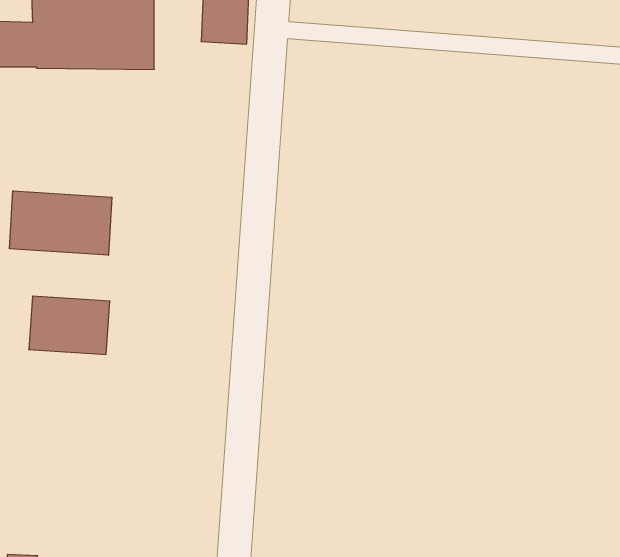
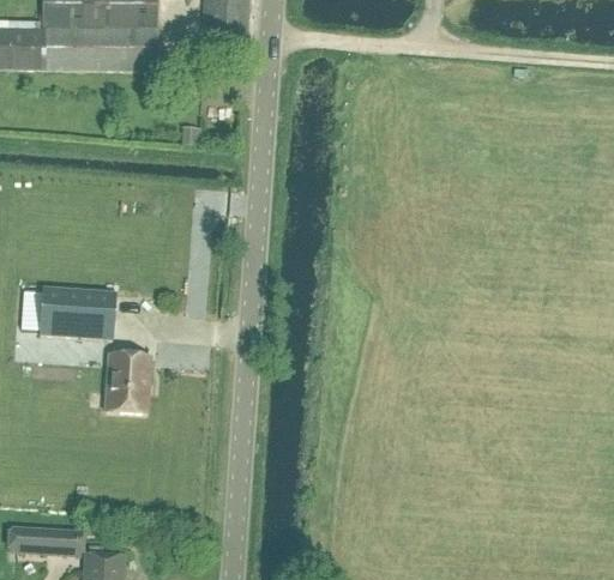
building: [9,191,112,255] -> none
building: none -> [104,350,149,411]

